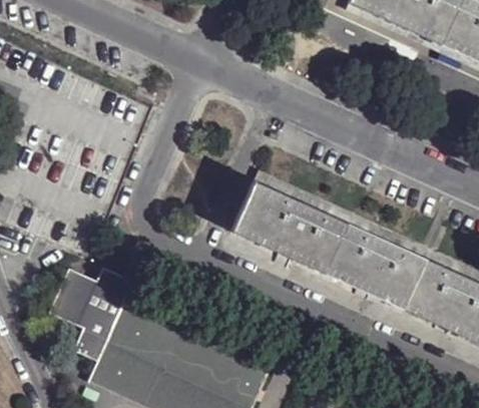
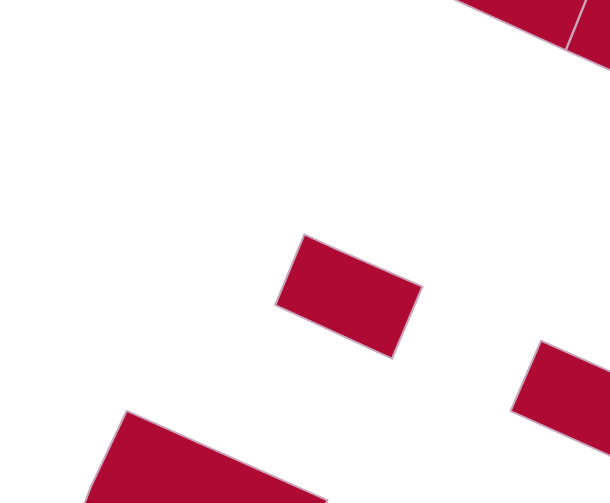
building: [316,217,424,307] -> none
building: [50,270,134,362] -> none

